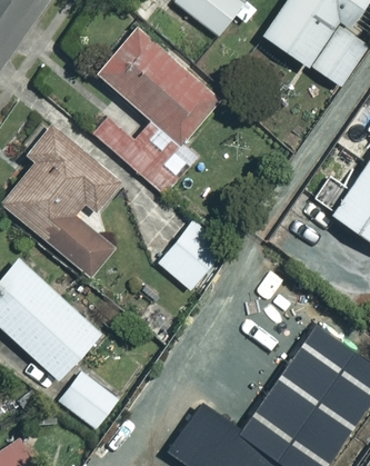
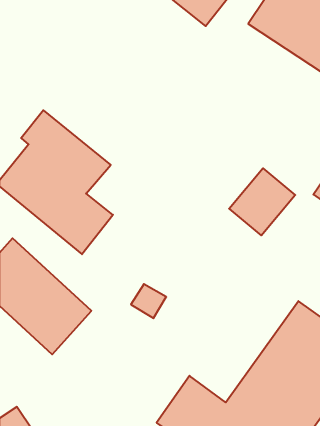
building: [92,29,222,197] -> none
building: [159,222,228,293] -> [229,168,295,235]
building: [60,371,120,430] -> none

